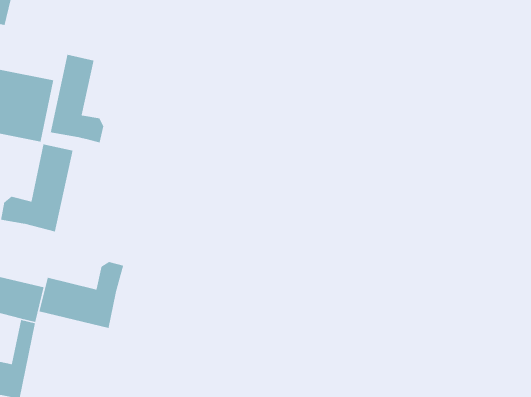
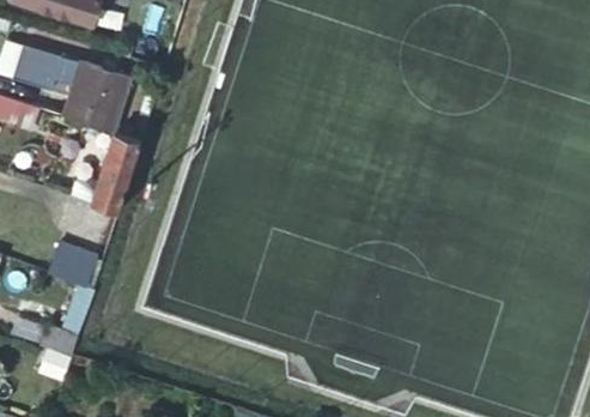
building: [50,54,104,144] -> none
building: [39,261,124,329] -> none

